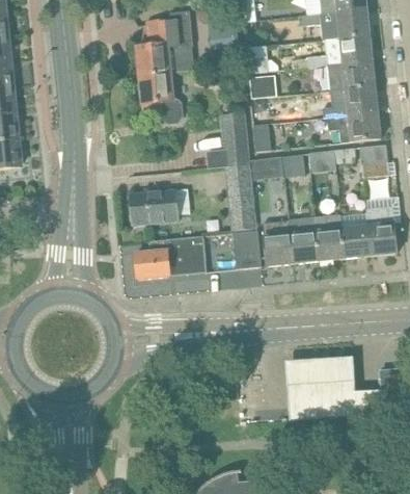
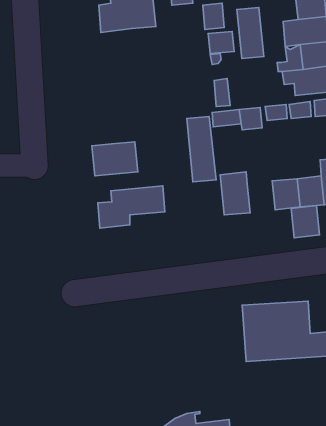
building: [138,72,181,122] -> none
building: [222,112,250,165] -> [237,7,264,59]
building: [233,230,261,268] -> none
building: [290,230,319,263] -> [291,206,319,238]

